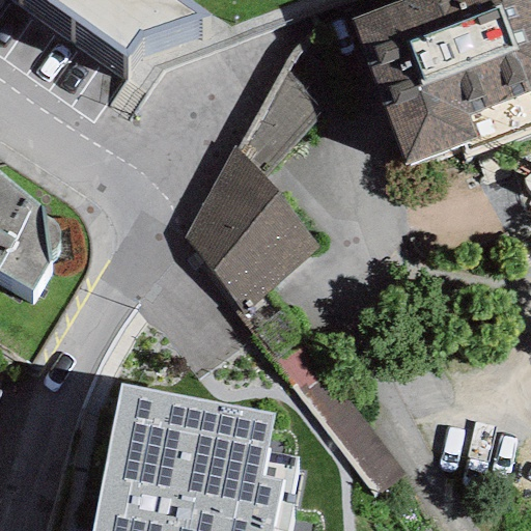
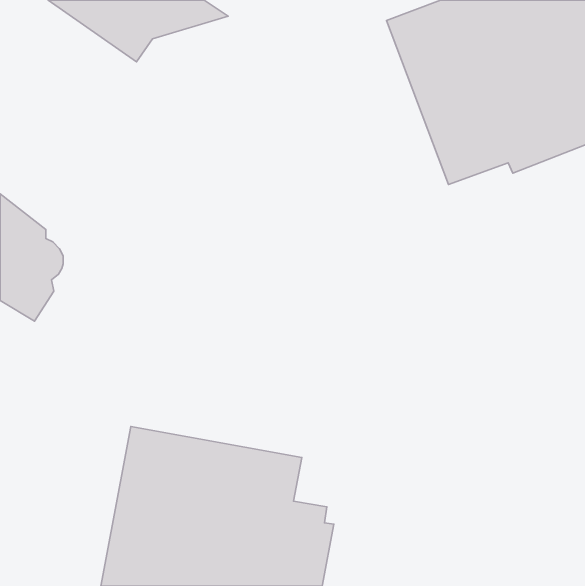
building: [183,146,323,312] -> none

